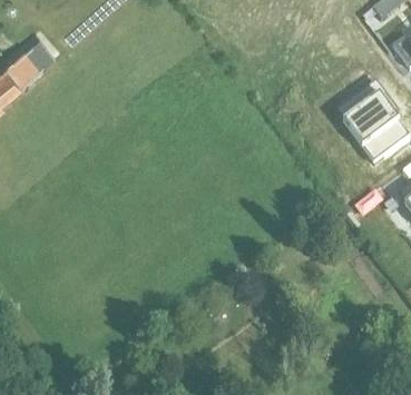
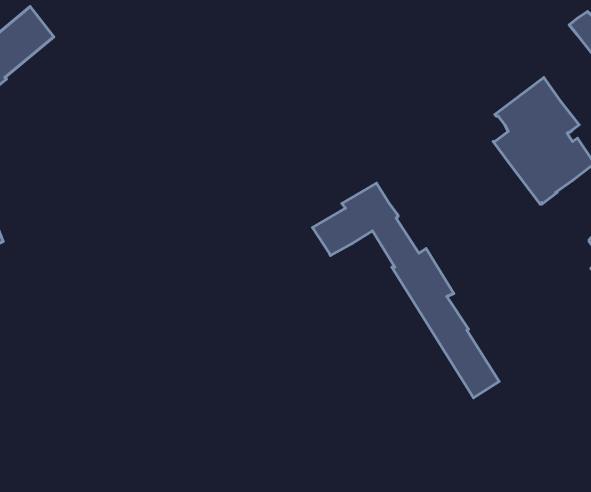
building: none -> [313,183,499,398]

